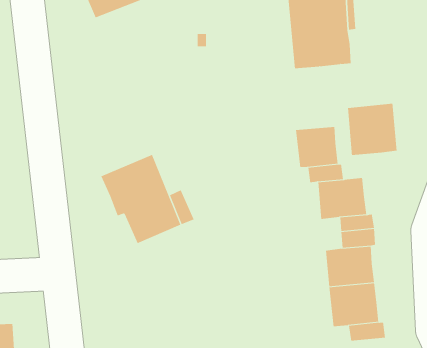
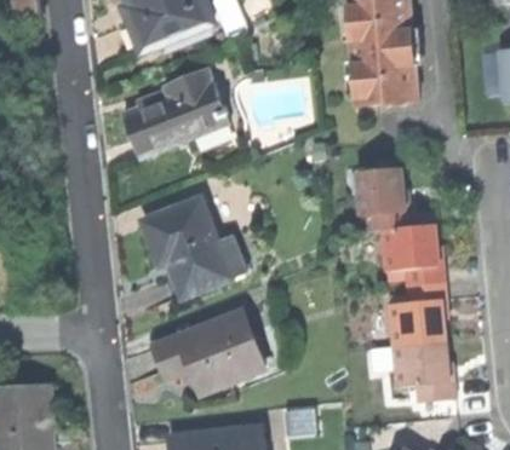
building: none -> [122,68,228,157]
building: [347,103,397,156] -> none
building: none -> [154,311,263,393]

